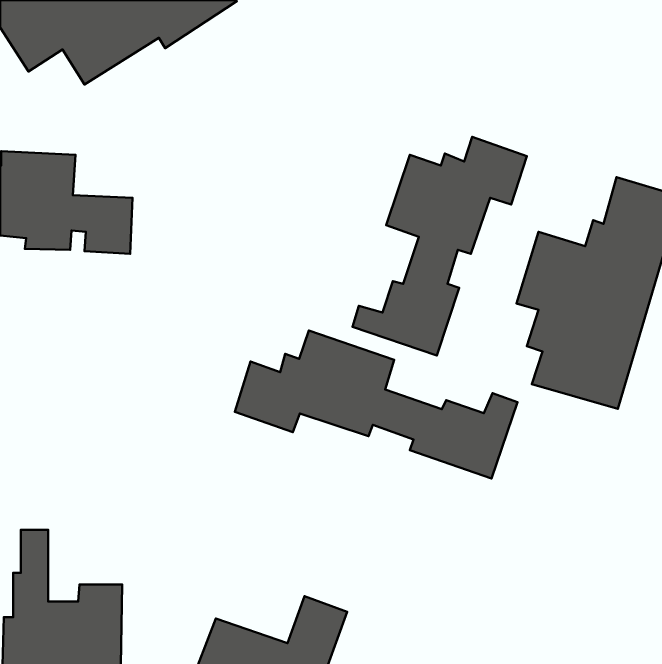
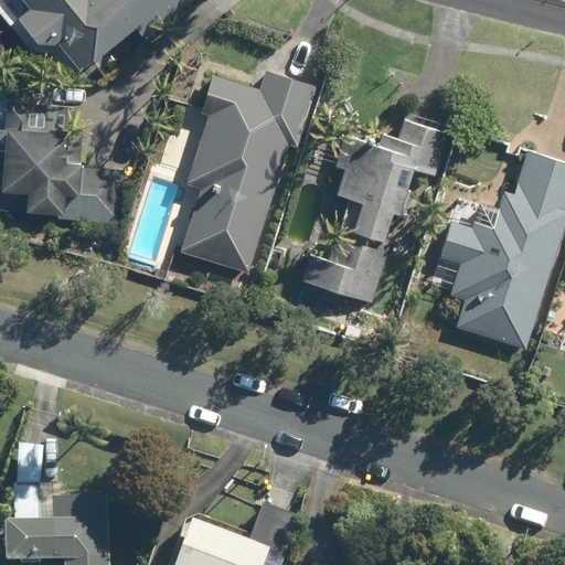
building: none -> [180,72,317,270]
building: [235,331,518,479] -> none

